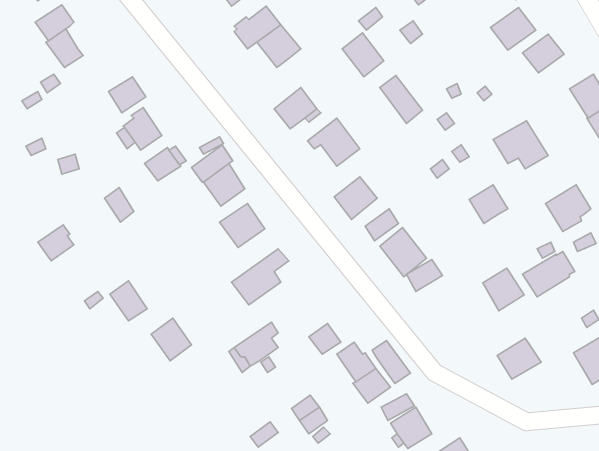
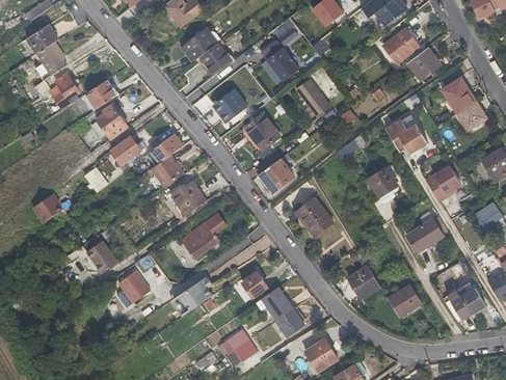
building: none -> [52,73,78,107]
building: [483,268,524,311] -> [348,265,380,298]
building: [372,340,410,383] -> none

